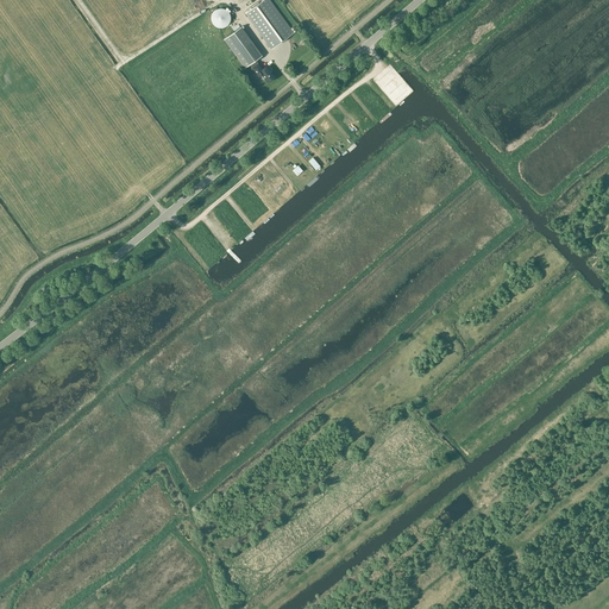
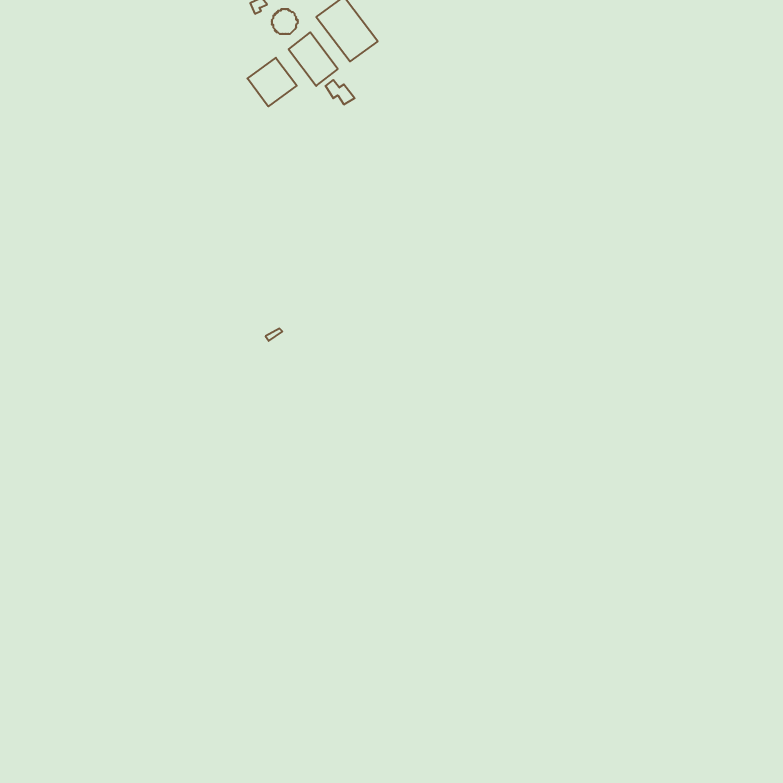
building: none -> [247,58,297,106]

